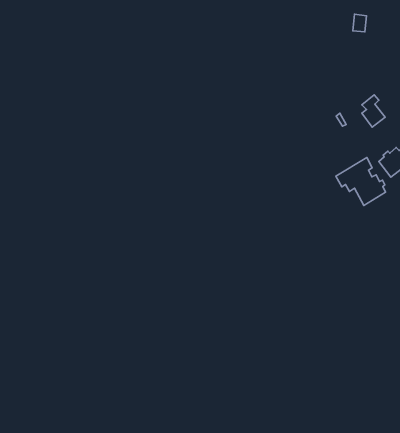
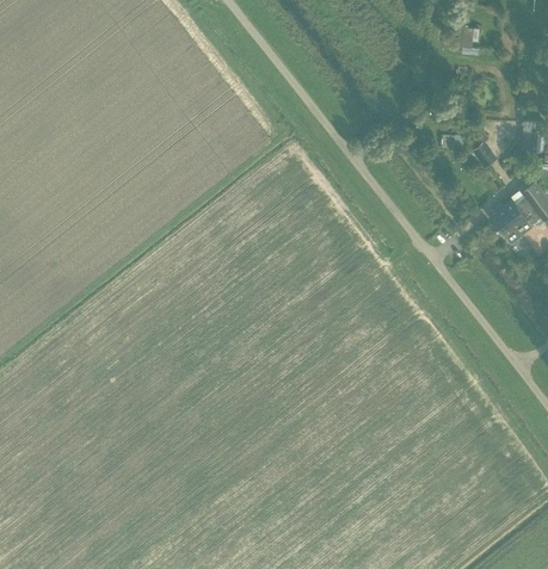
building: [336,157,386,206] -> none

